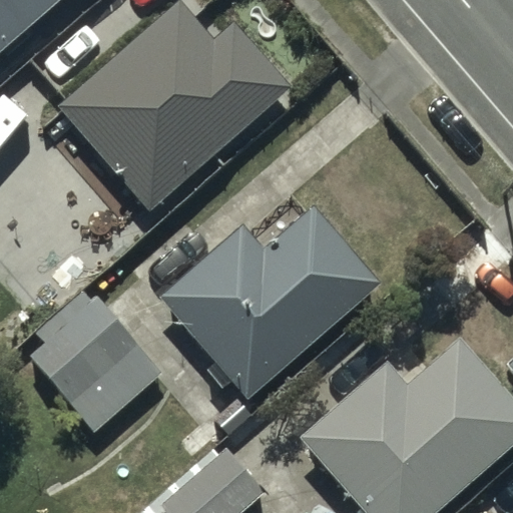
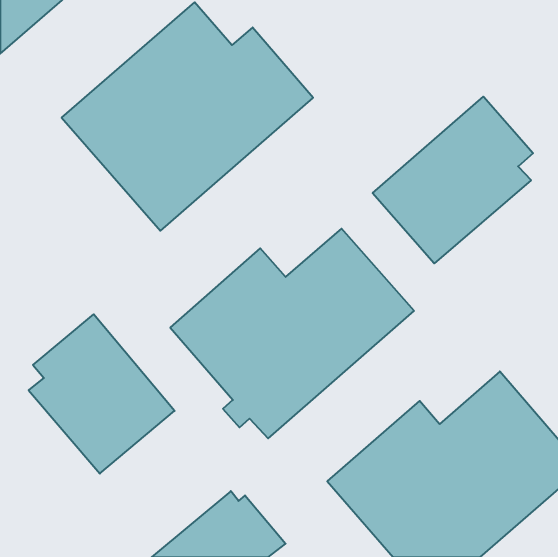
building: none -> [373,97,533,263]

